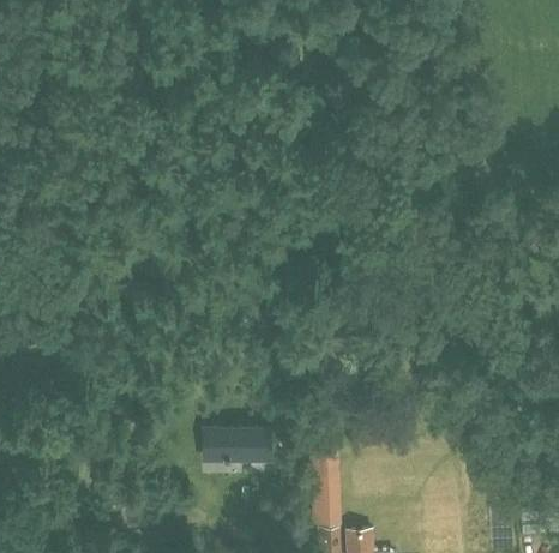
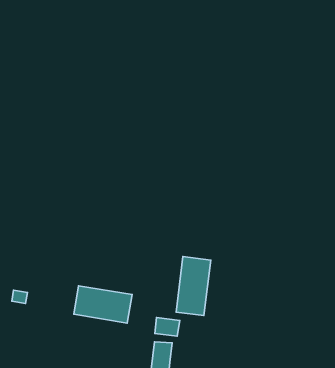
building: none -> [176,257,211,316]

